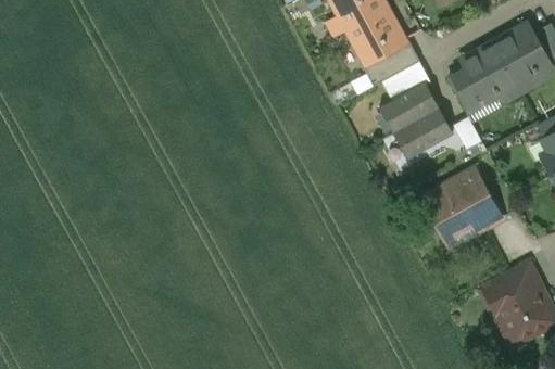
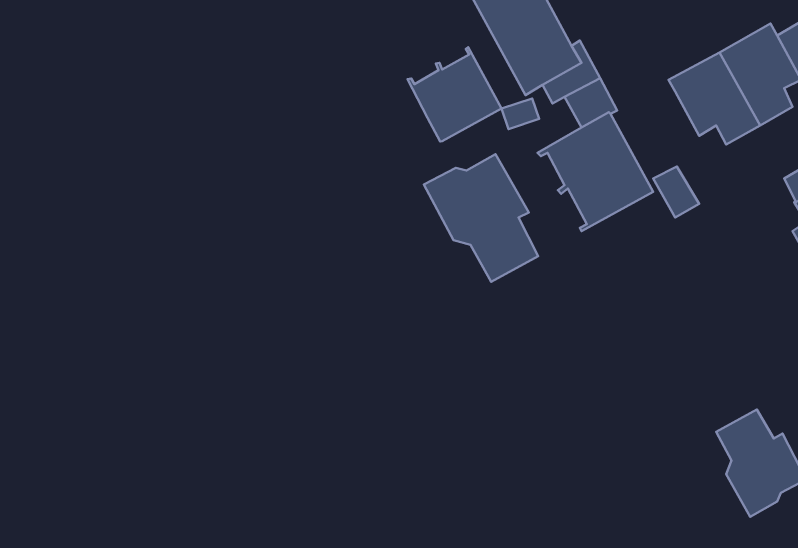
building: none -> [407,47,502,142]
building: [447,69,482,107] -> none
building: none -> [424,154,538,282]
building: [434,179,492,236] -> none

